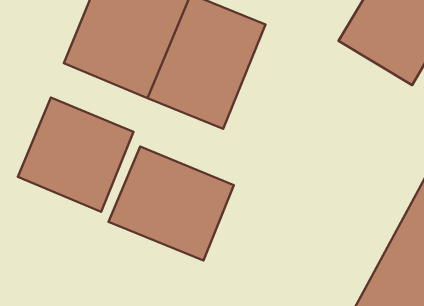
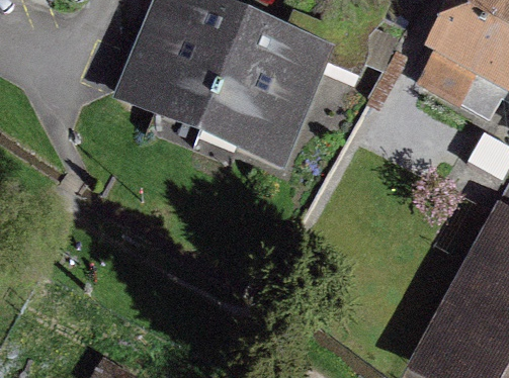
building: [18,97,133,212] -> none
building: [109,146,234,260] -> none

